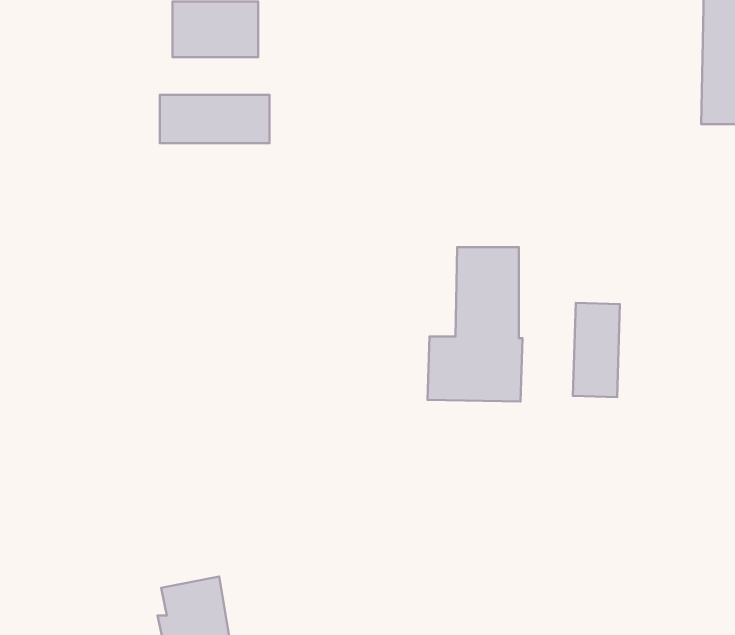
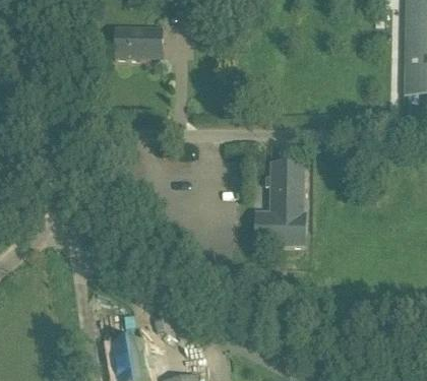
building: [160,95,269,143] -> none
building: [573,303,620,397] -> none

